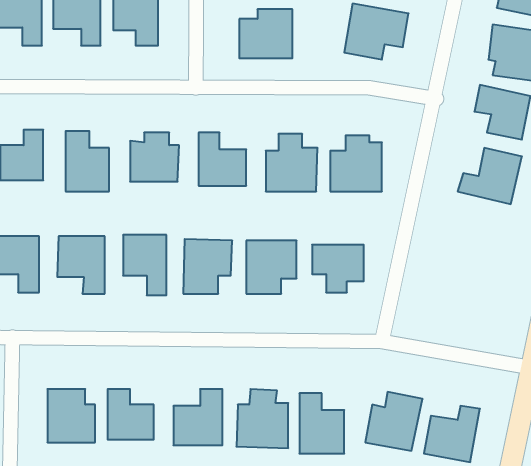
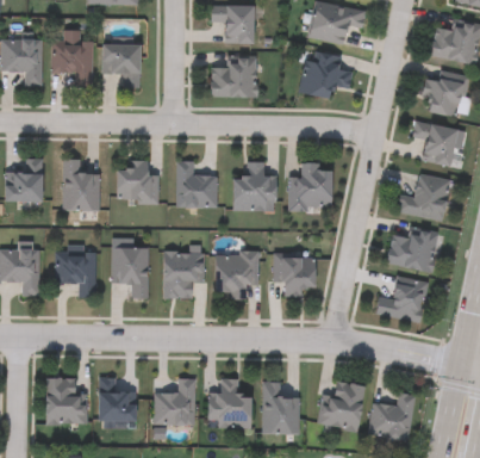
building: none -> [386,227,437,272]
building: none -> [375,277,426,321]

